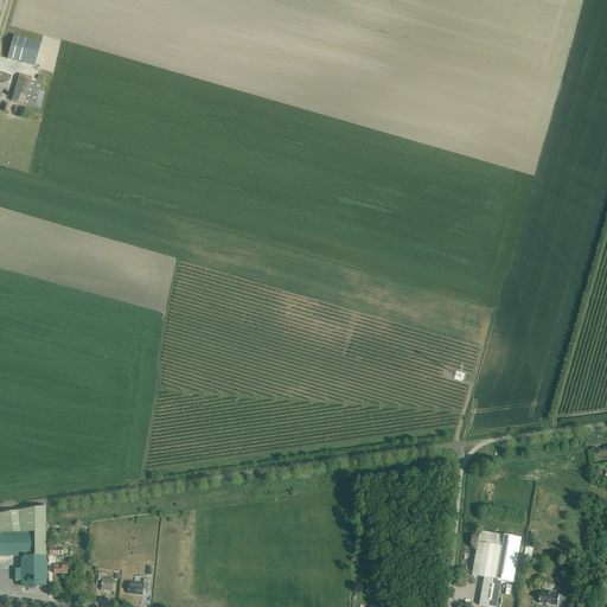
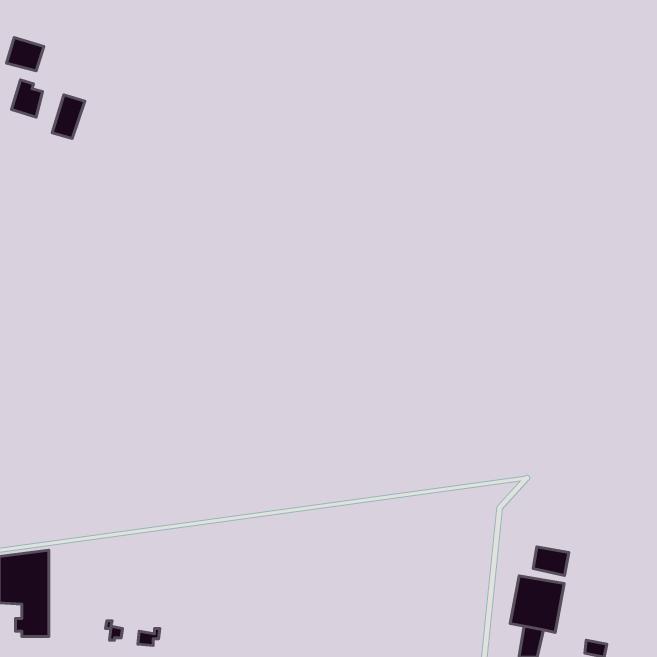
building: none -> [52,95,85,139]
building: none -> [533,547,569,575]

